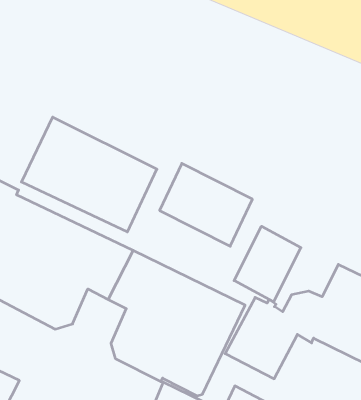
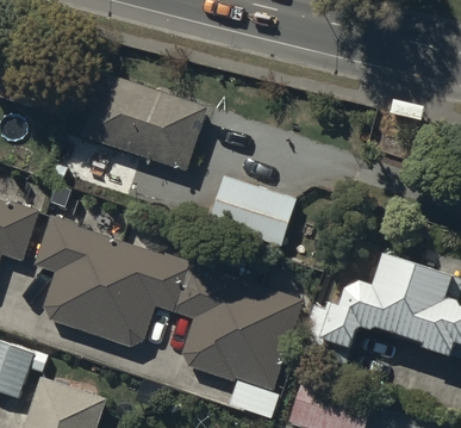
building: [21,117,157,232] -> [82,74,206,170]
building: [234,226,301,302] -> none

